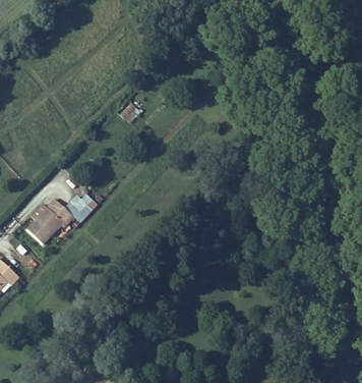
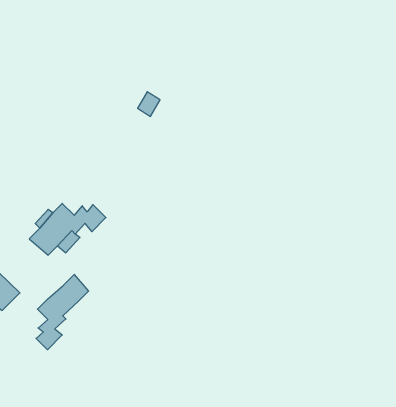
building: none -> [36,274,89,350]

